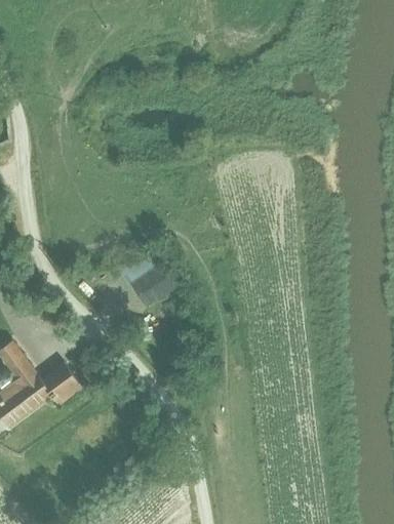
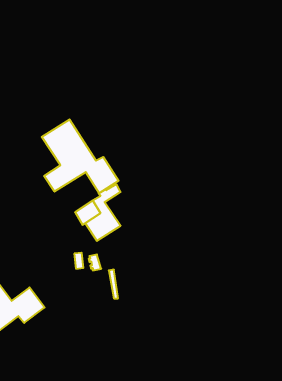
building: none -> [42,119,119,193]

